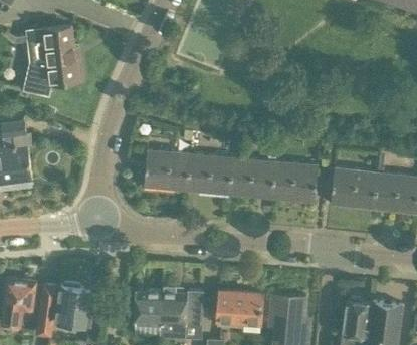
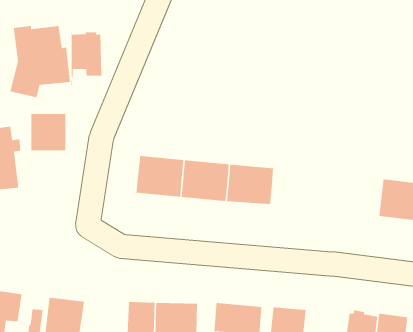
building: none -> [71,31,102,87]
building: none -> [30,113,66,151]
building: [271,163,318,203] -> none
building: [331,168,378,210] -> none

